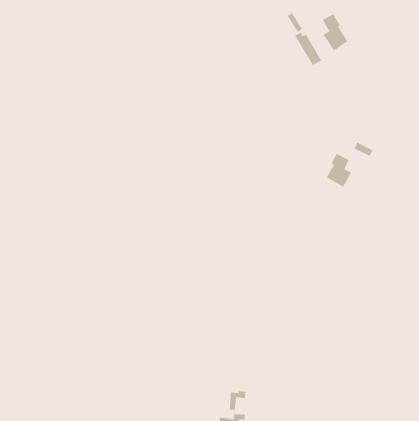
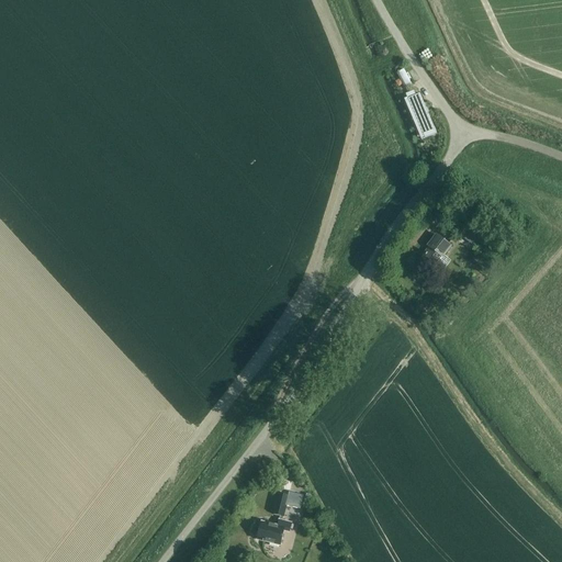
building: [322,13,348,52] -> none

